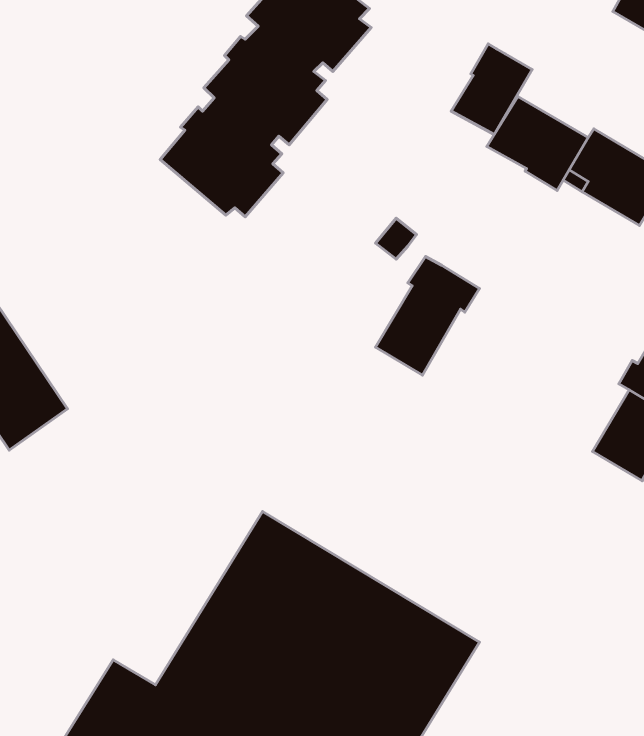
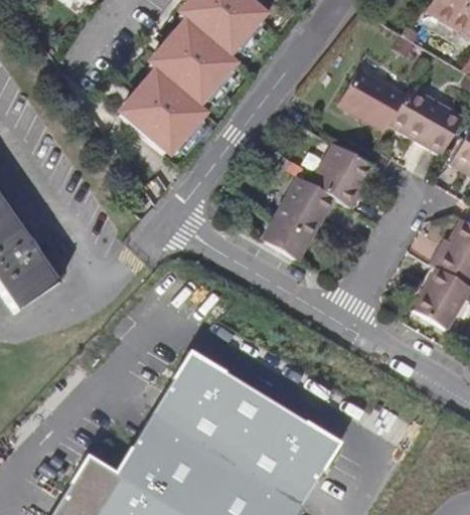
building: [451,44,532,135] -> none
building: none -> [312,144,376,208]

